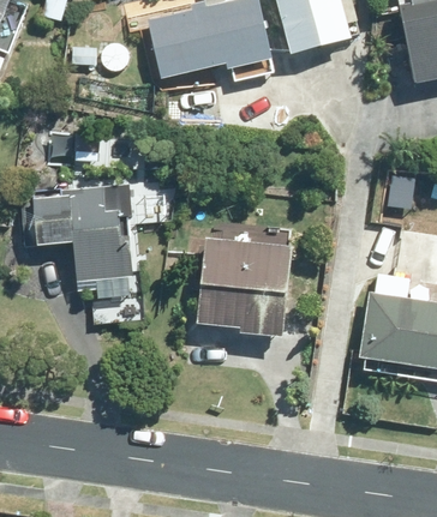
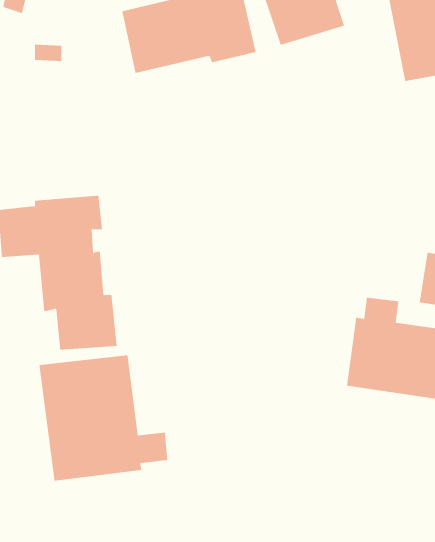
building: [194,239,294,333] -> none
building: none -> [39,355,168,482]

